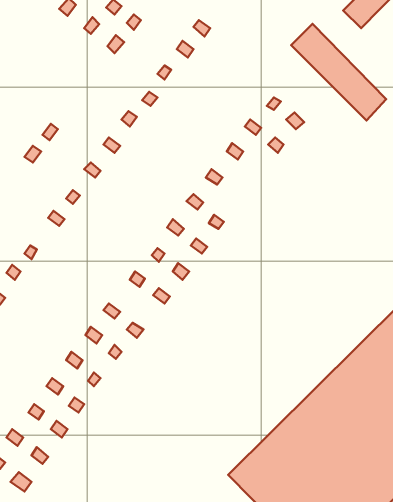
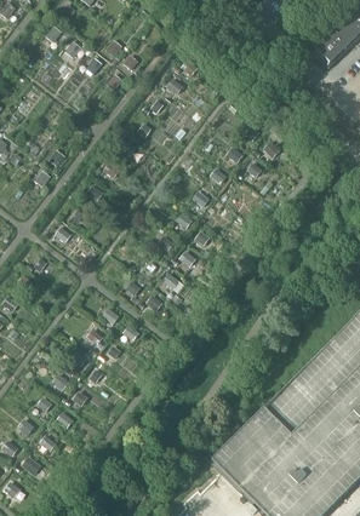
building: [291,24,386,120] -> none

